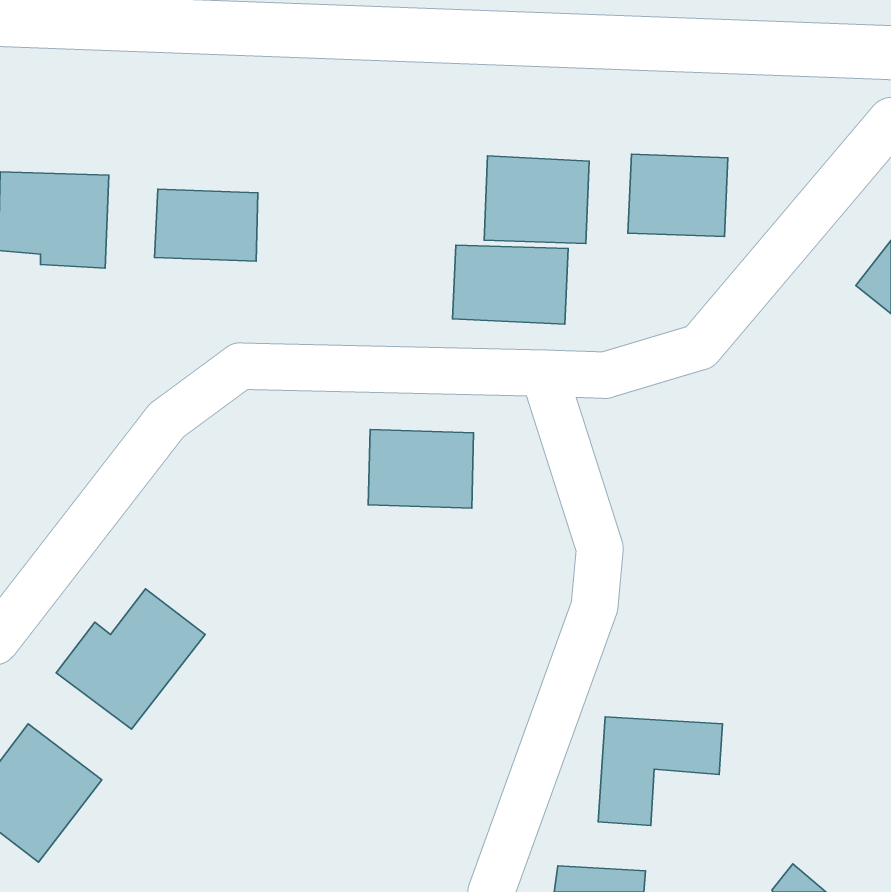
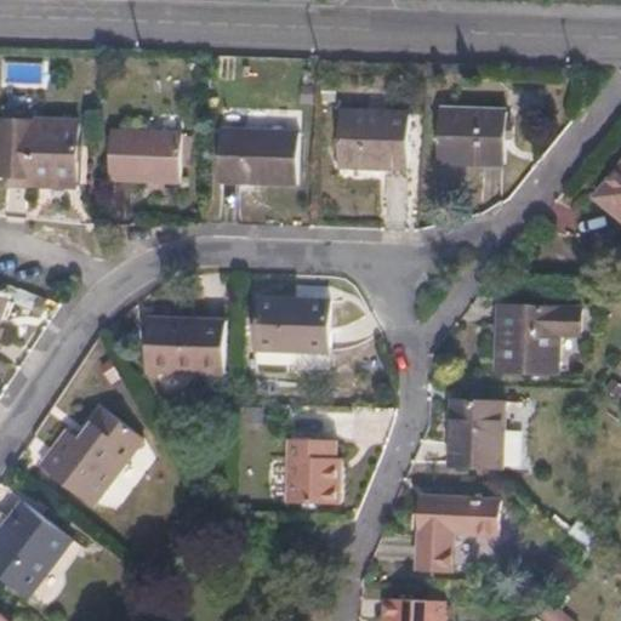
building: [452,245,568,324] -> [216,129,296,183]
building: none -> [494,306,580,372]
building: none -> [144,318,222,374]
building: none -> [445,400,503,469]
building: none -> [284,433,340,498]

